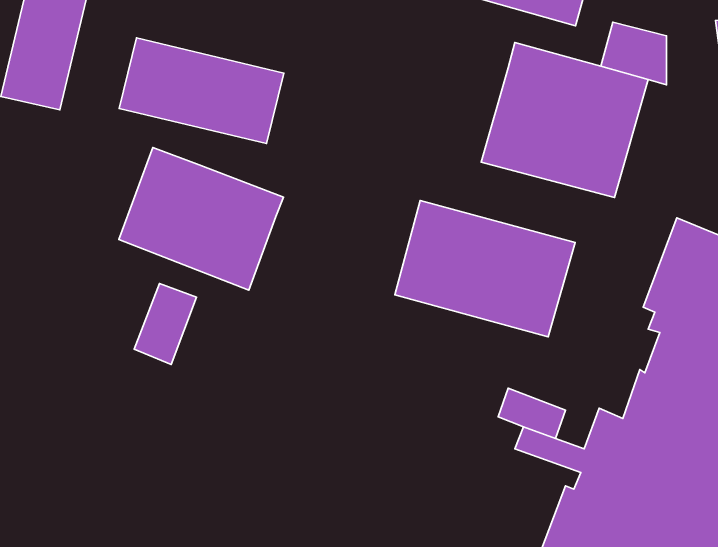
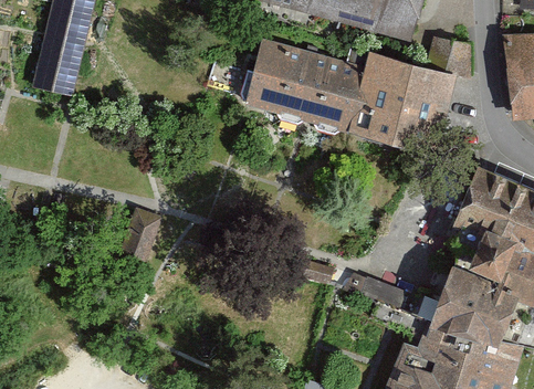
building: [119,38,284,144] -> none
building: [119,148,284,290] -> none
building: [395,200,575,337] -> [248,40,366,129]

